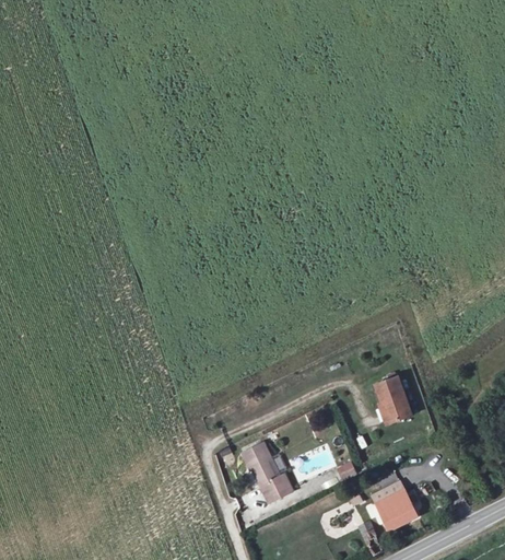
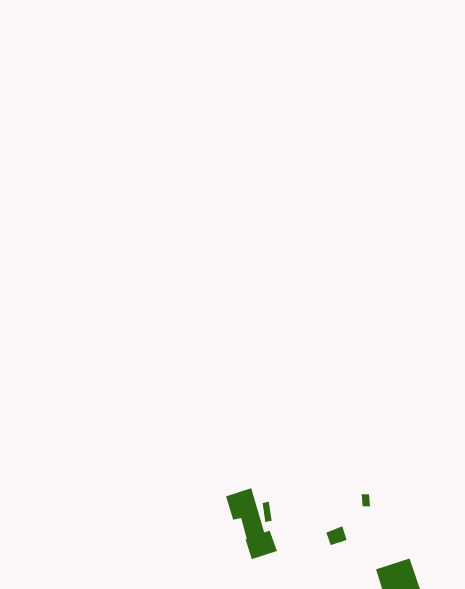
building: [374,374,411,423] -> none

